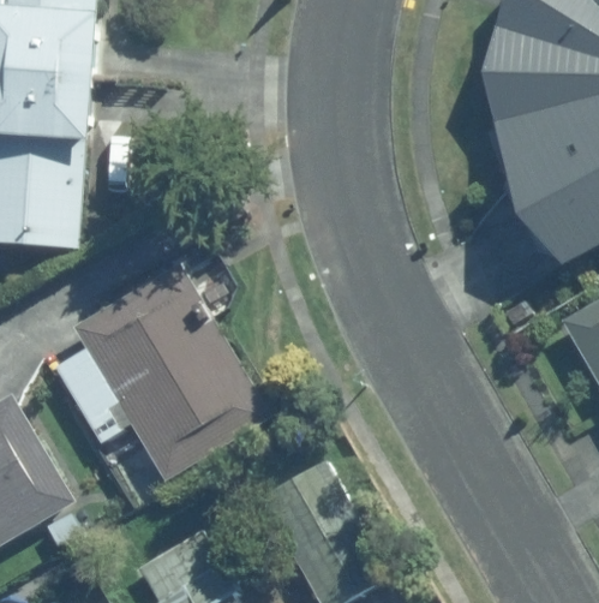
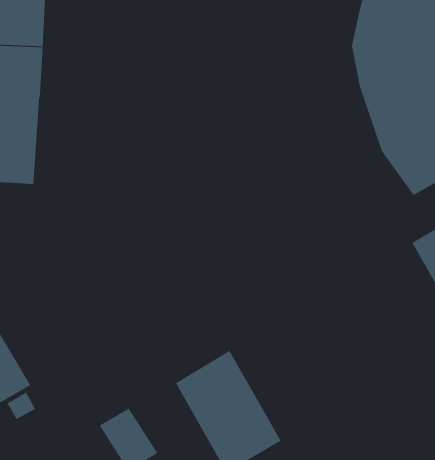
building: [58,262,271,483] -> none

